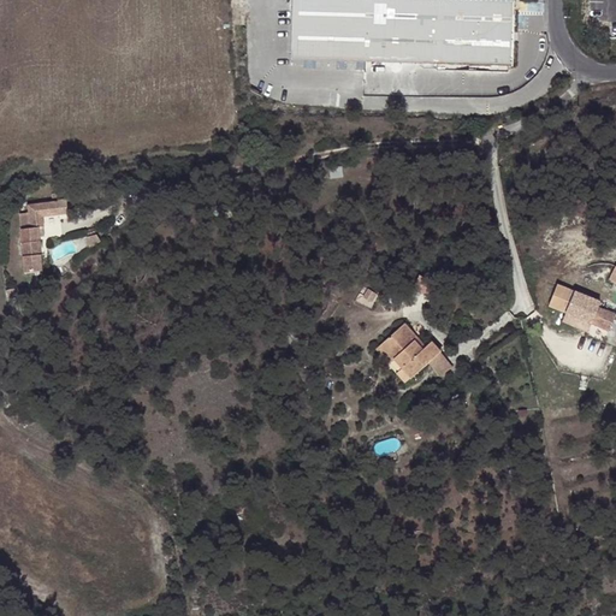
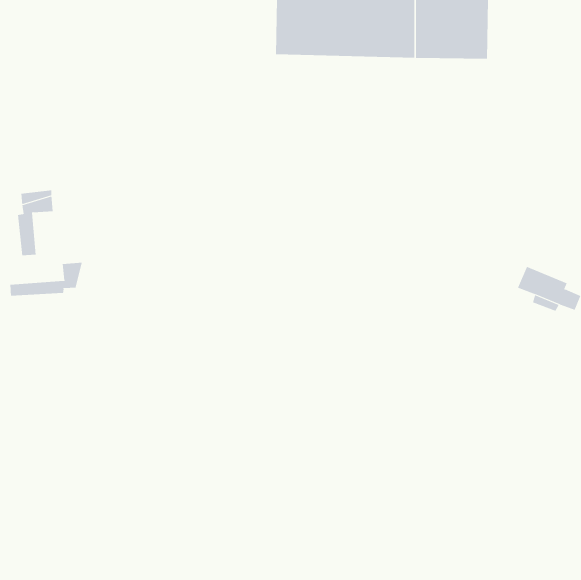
building: none -> [10,262,83,297]
building: [383,325,444,378] -> none

